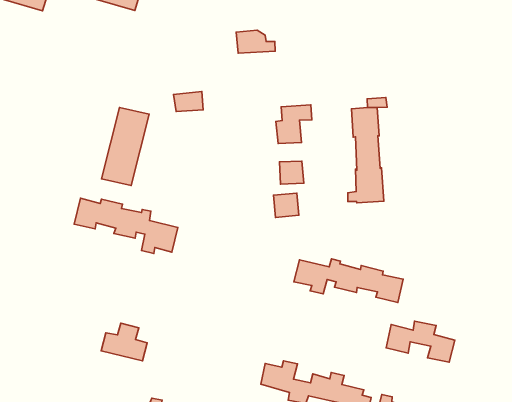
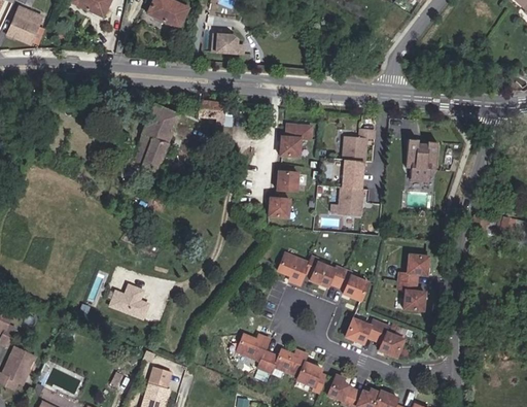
building: [236,30,275,53] -> [207,32,239,53]
building: none -> [408,139,438,182]
building: [74,198,178,253] -> none
building: none -> [397,255,428,311]

